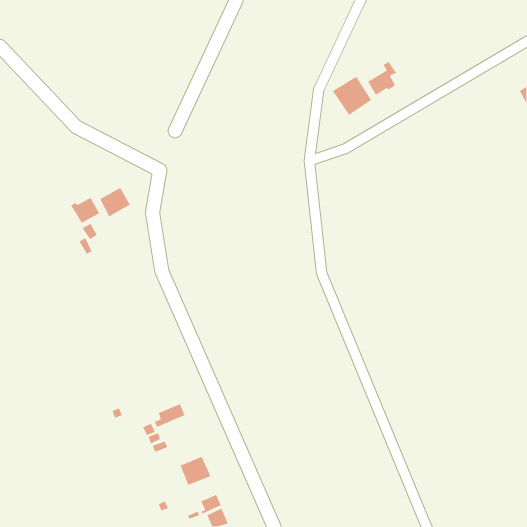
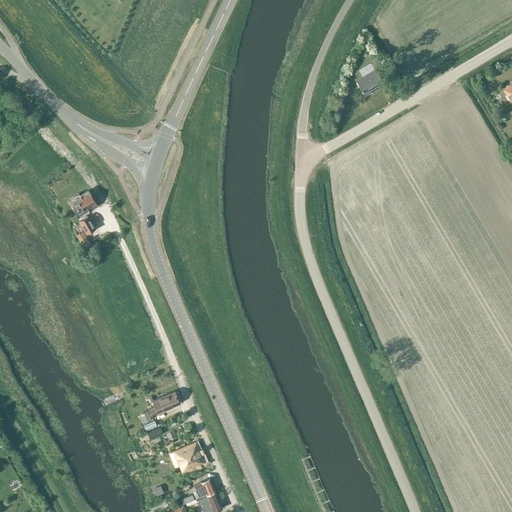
building: [332,76,372,116] -> none
building: [99,187,131,217] -> none

